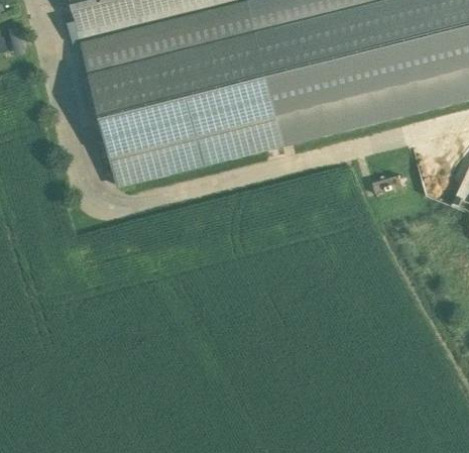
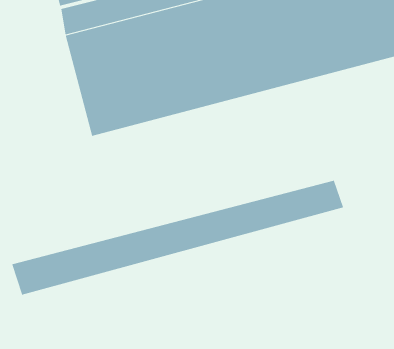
building: none -> [11,180,344,295]

